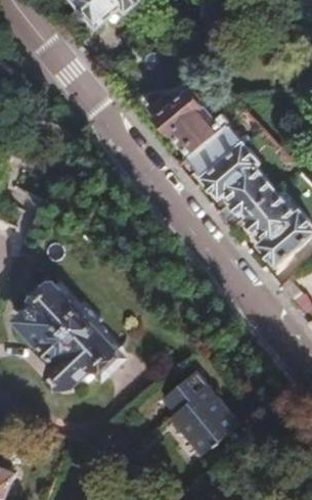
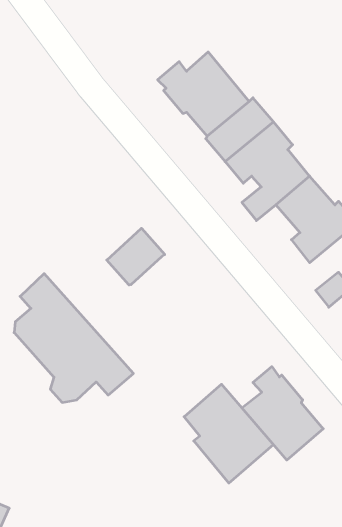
building: none -> [107,228,165,285]
building: none -> [242,367,323,460]

